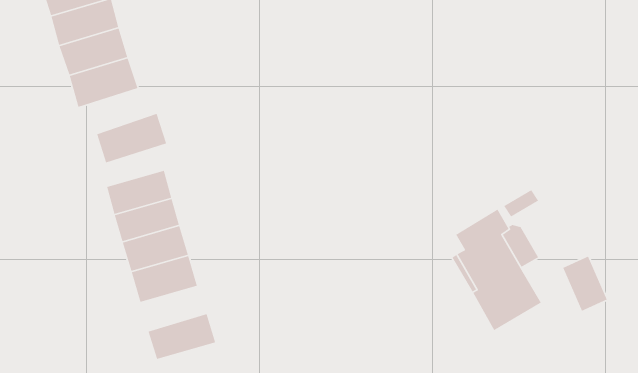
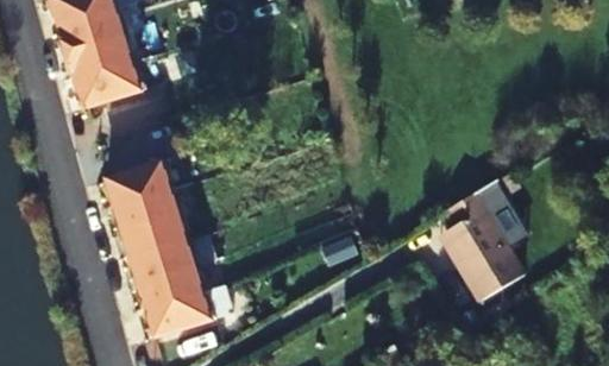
building: [96,113,167,164] -> none
building: [562,256,608,312] -> none
building: none -> [140,271,202,313]

